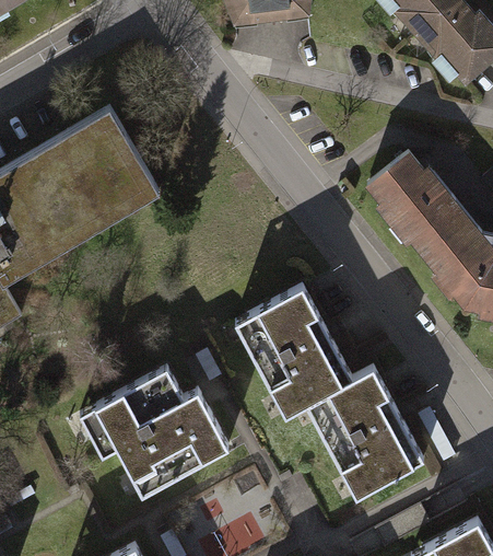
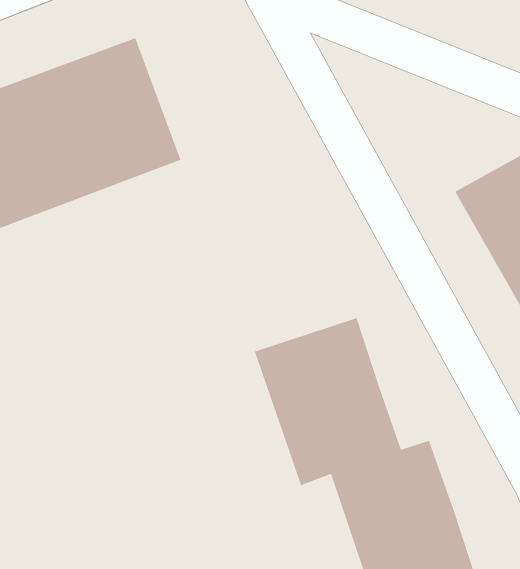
building: [84,356,224,496] -> none

